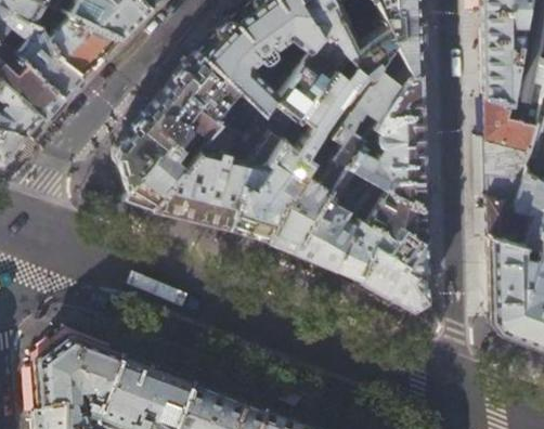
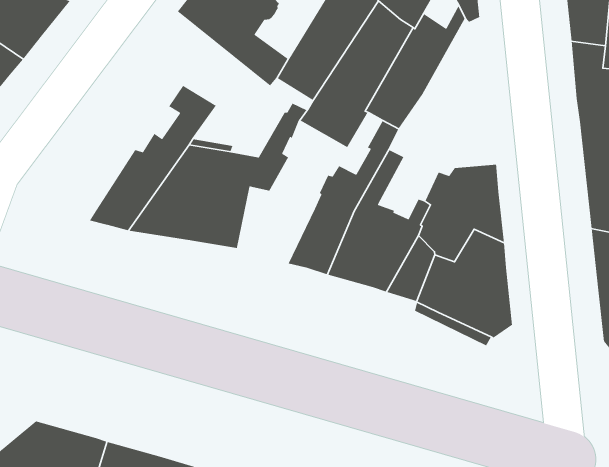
building: [116,50,262,191] -> none
building: [346,73,424,186] -> none
building: [229,138,315,242] -> none

